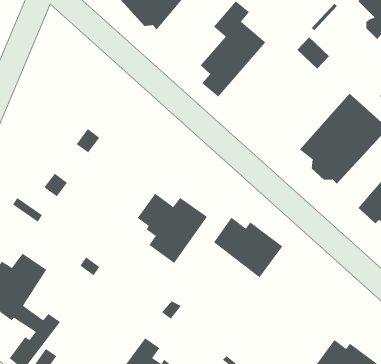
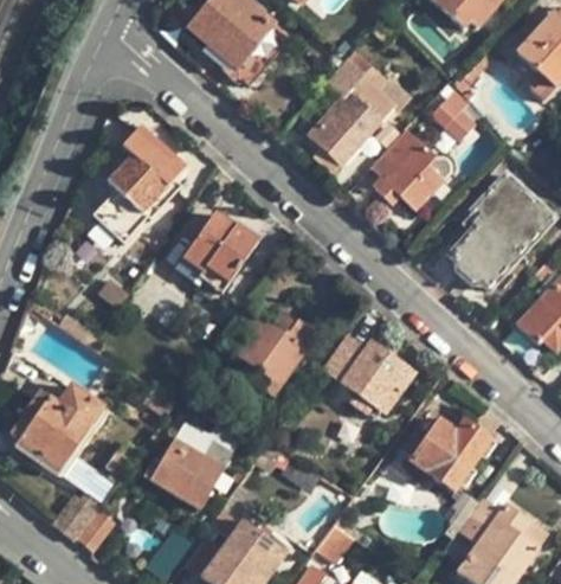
building: none -> [95,123,196,242]
building: none -> [374,129,444,213]
building: none -> [178,213,262,293]
building: none -> [410,407,501,492]
building: none -> [144,431,237,509]

